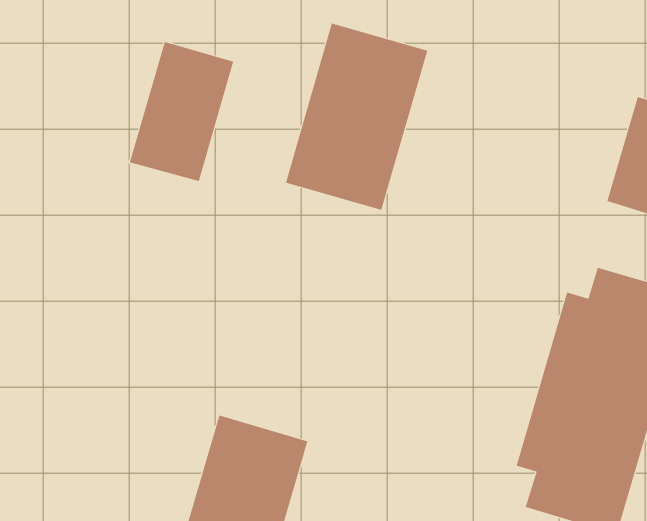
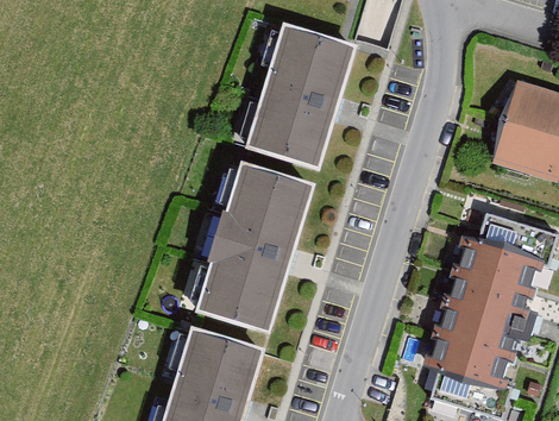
building: [129,41,234,182] -> none
building: none -> [194,162,310,331]

